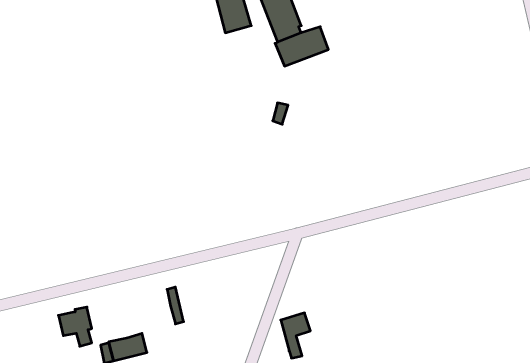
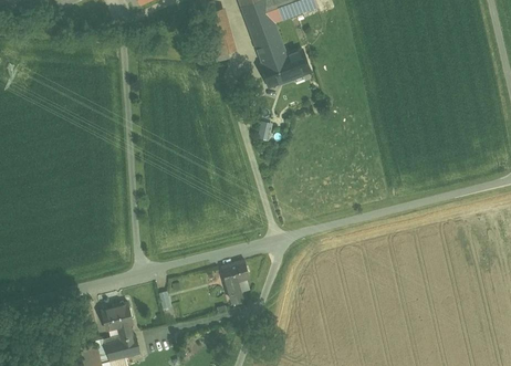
building: [58,307,92,346] -> [101,302,132,338]
building: [281,313,310,358] -> [221,260,249,302]

